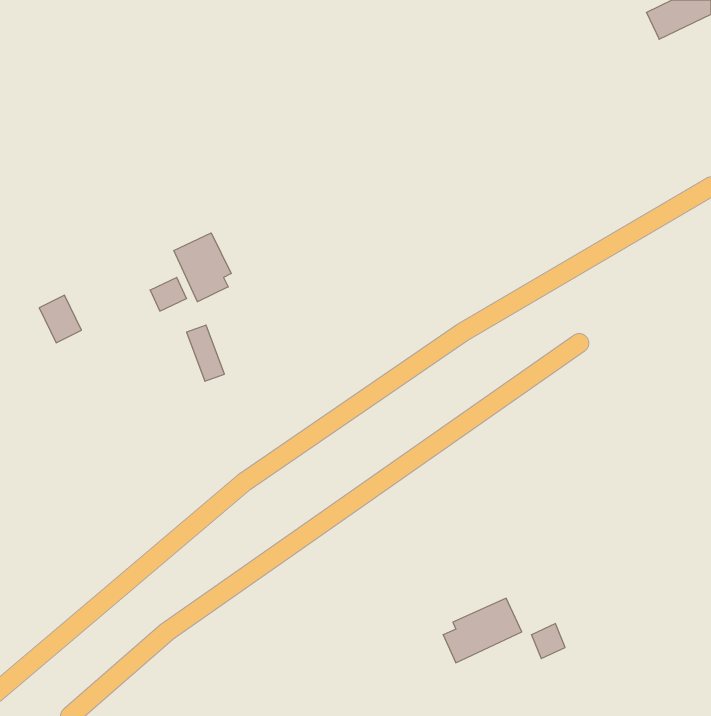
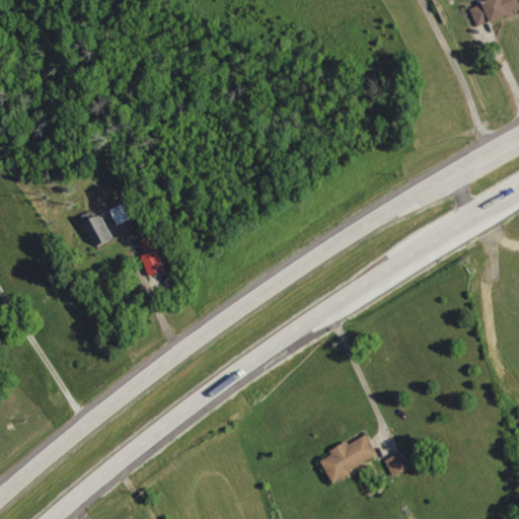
building: [174,233,231,302] -> none
building: [39,295,81,343] -> [81,215,112,249]

